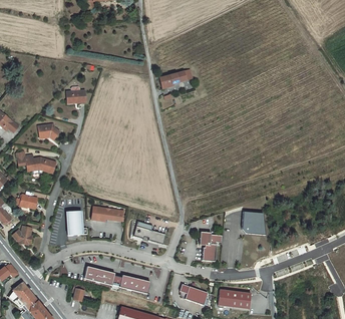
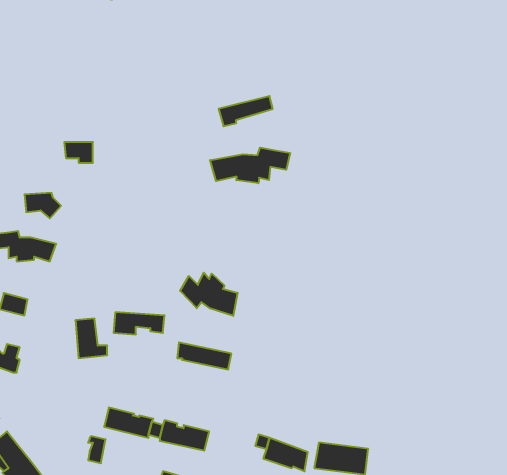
building: none -> [210,148,290,183]
building: none -> [180,273,238,316]
building: [242,212,265,235] -> none
building: [199,232,221,261] -> none

